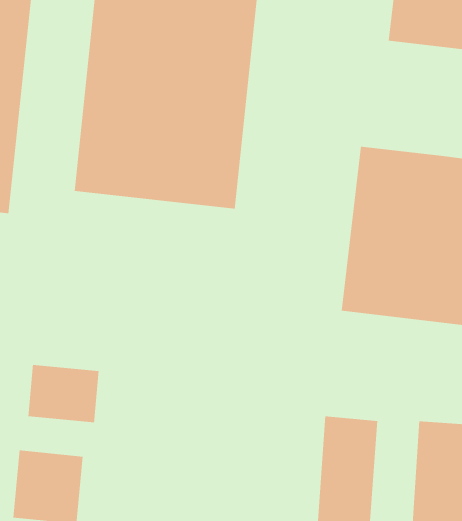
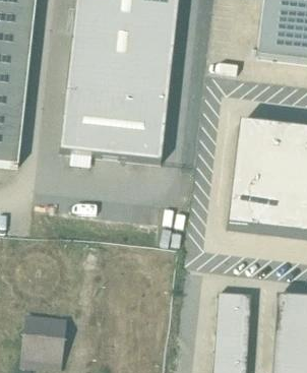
building: [28,364,99,423] -> none

